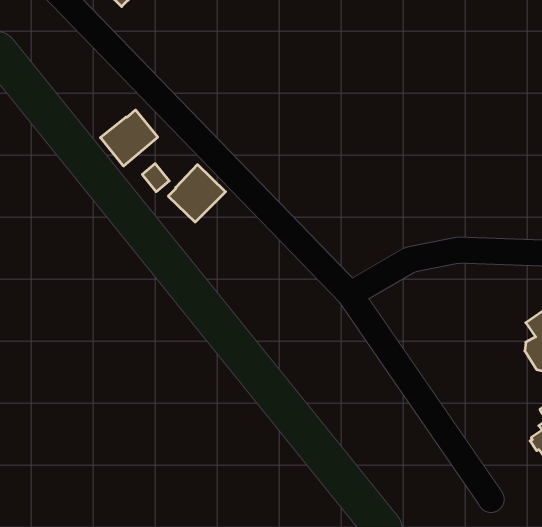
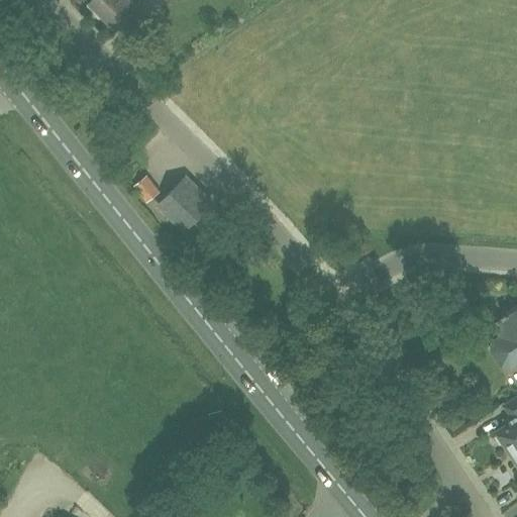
building: [100,110,158,166] -> none

